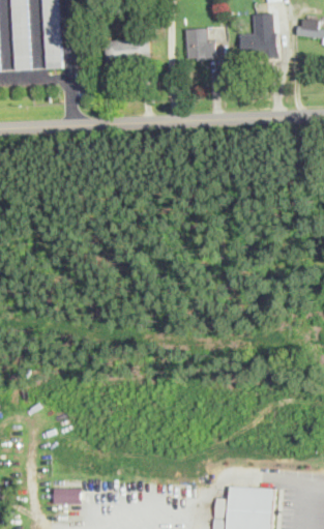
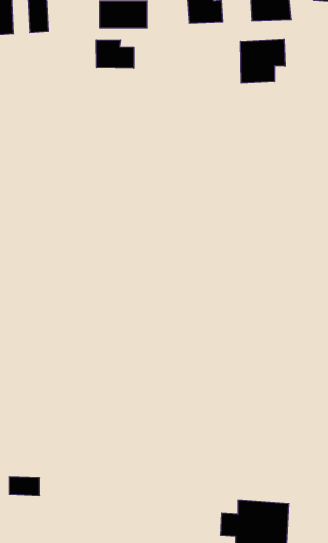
building: none -> [240,39,285,83]
building: none -> [96,40,134,68]
building: [54,488,81,504] -> [9,477,40,495]

